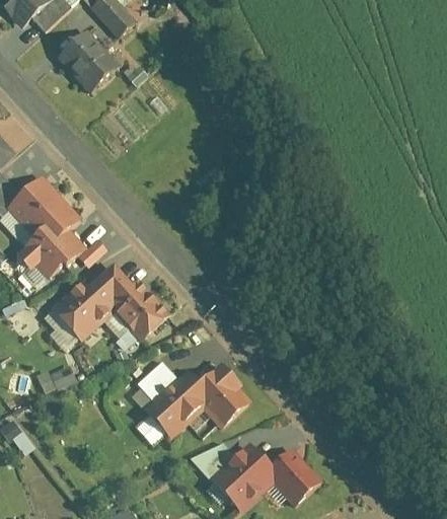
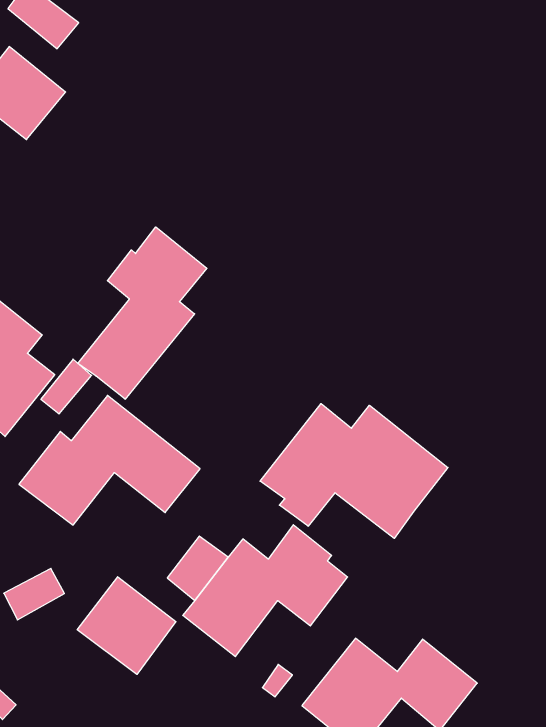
building: none -> [78,227,207,399]
building: none -> [260,404,448,538]
building: none -> [77,577,176,674]

